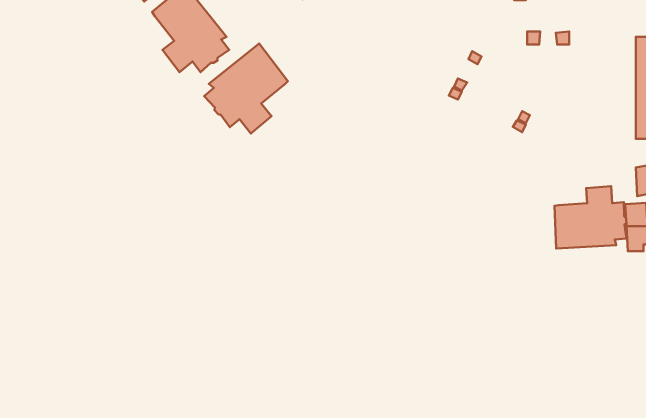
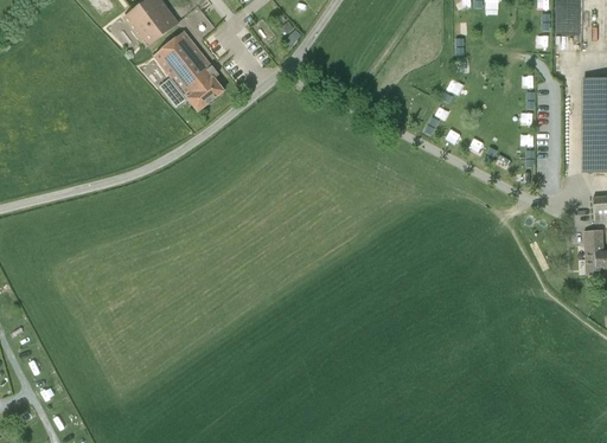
building: [204,44,288,134] -> none
building: [555,186,627,249] -> none

